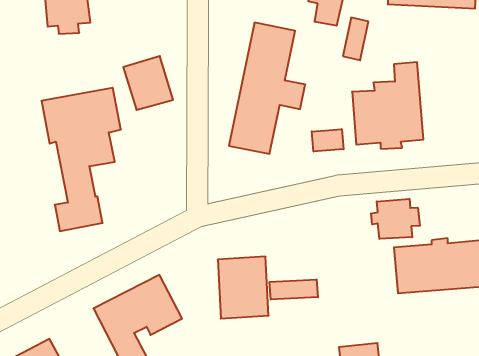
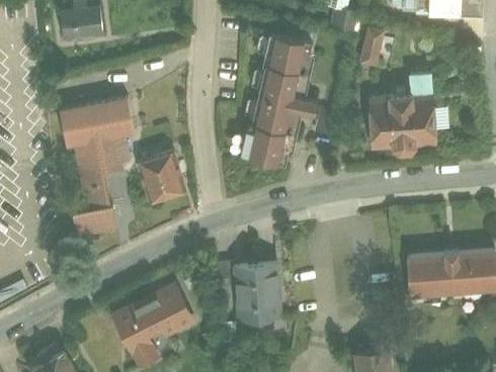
building: [123,56,173,110] -> [137,150,186,203]
building: [312,129,344,152] -> none
building: [371,199,420,239] -> none
building: [269,279,318,300] -> none

